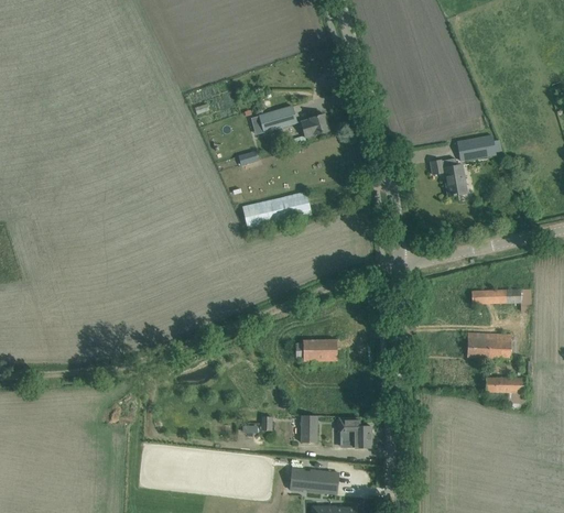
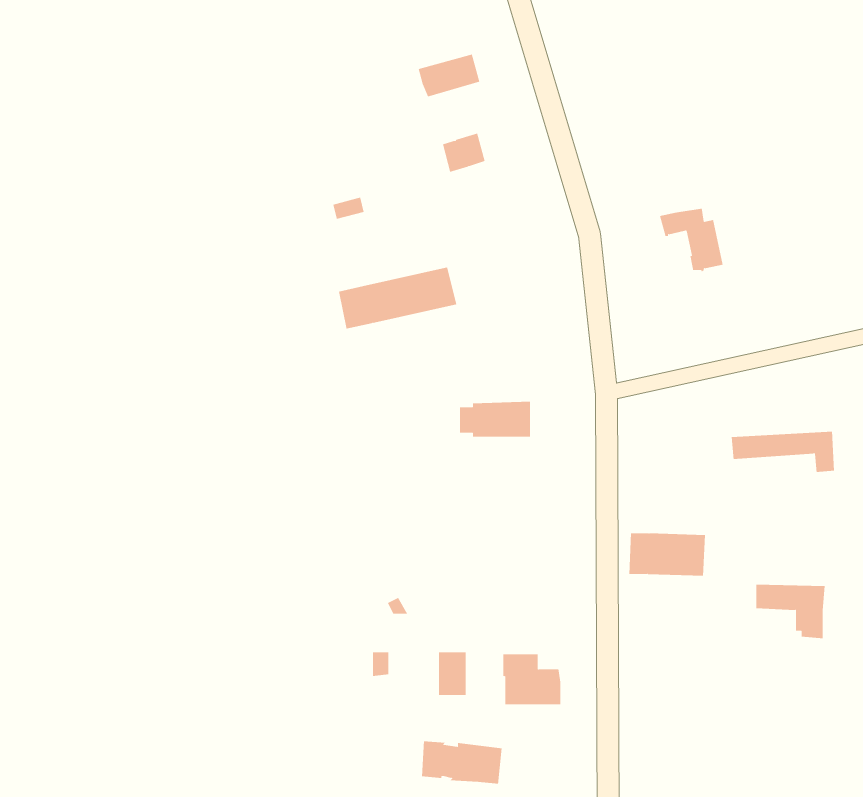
building: [259,106,295,131] -> [418,54,480,97]
building: [455,133,494,160] -> none
building: [466,332,511,358] -> [628,533,706,576]
building: [294,339,336,360] -> [459,401,531,437]

